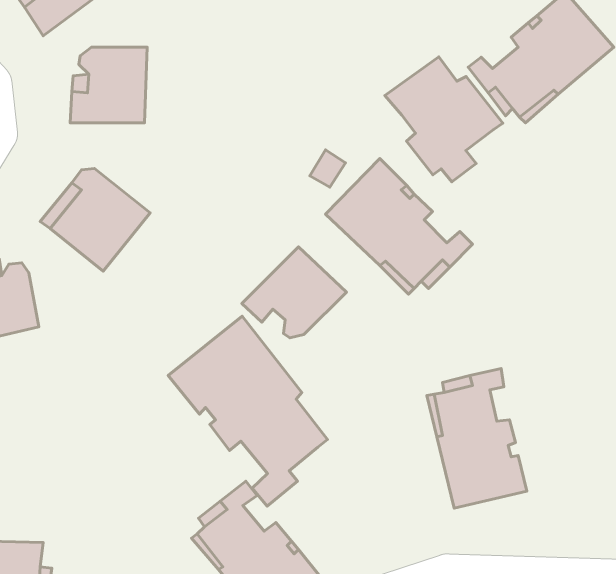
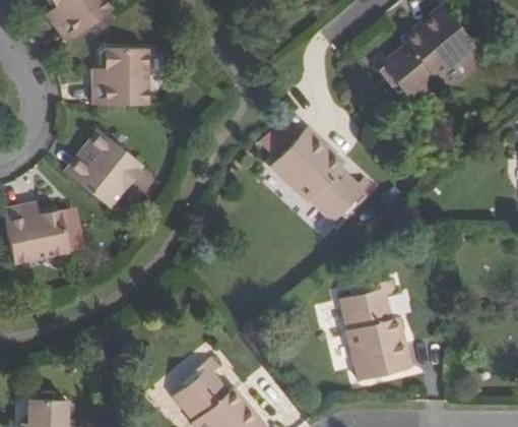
building: [385,57,503,182] -> none
building: [242,247,346,338] -> none
building: [168,316,327,506] -> none

